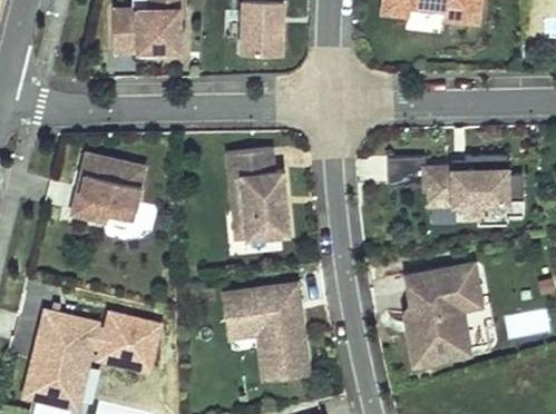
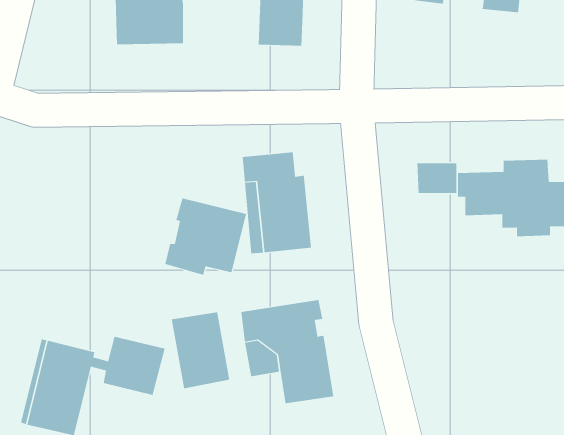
building: [70,154,145,224] -> [164,198,247,275]
building: [407,263,485,364] -> none
building: none -> [171,311,230,389]

